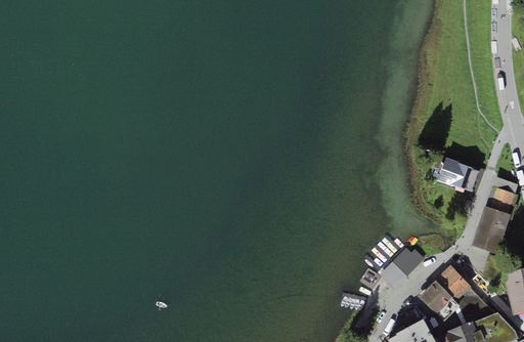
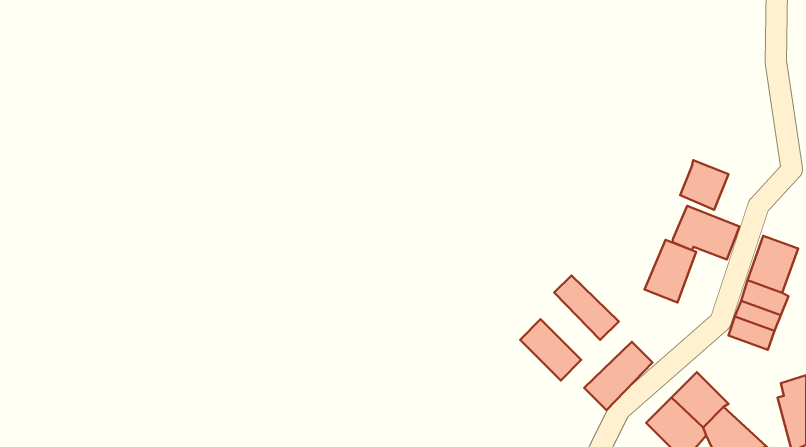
building: none -> [680,160,728,210]
building: none -> [645,240,696,303]
building: none -> [554,275,619,340]
building: none -> [520,319,581,381]

